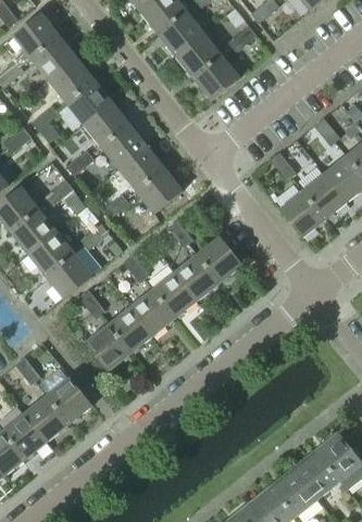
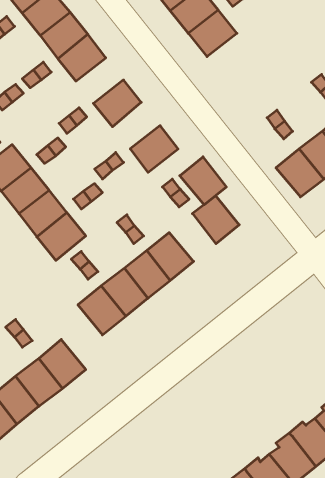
building: [83,101,129,145] -> none
building: [118,144,165,190] -> none
building: [174,253,220,300] -> [180,157,226,205]

